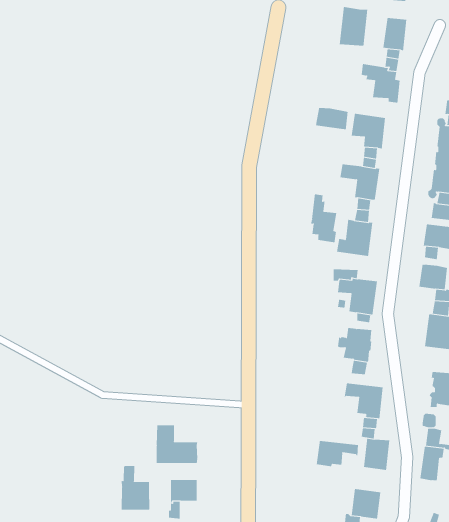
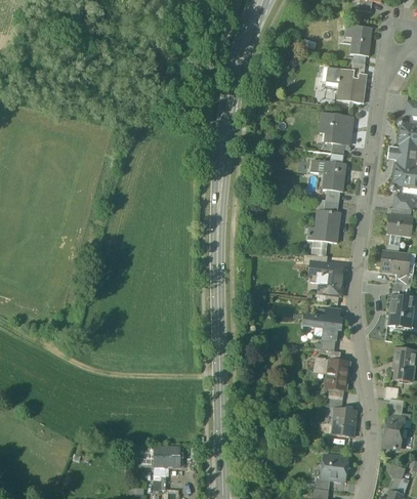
building: [339,6,368,47] -> none
building: [315,107,348,130] -> none
building: [310,193,337,243] -> none
building: [156,425,198,464] -> none
building: [316,440,359,467] -> none
building: [121,465,150,511] -> none

